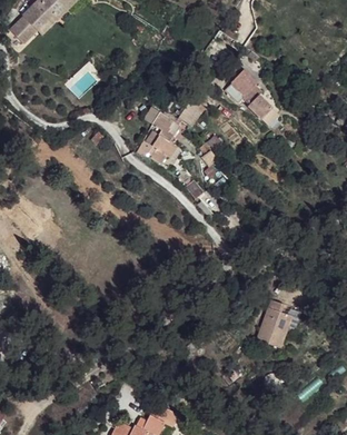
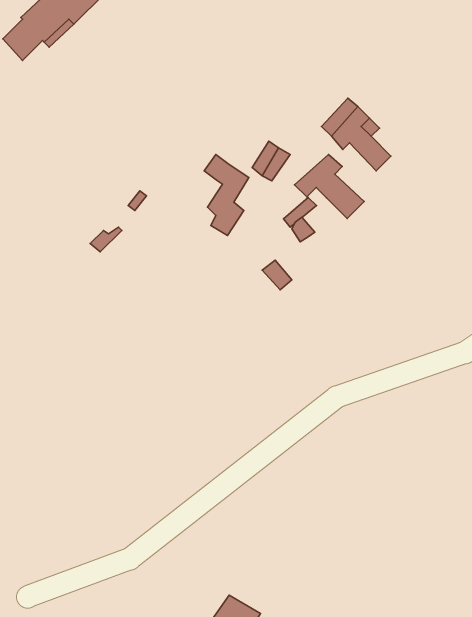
building: none -> [295,155,364,218]
building: [256,308,289,349] -> none

